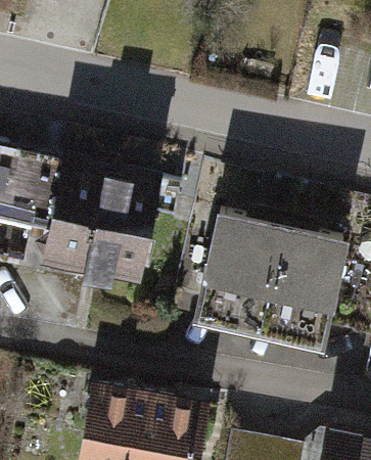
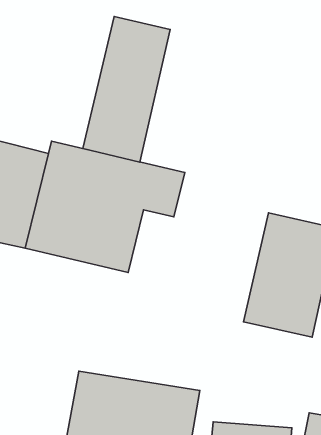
building: none -> [83,16,170,162]
building: [191,211,284,336] -> none

